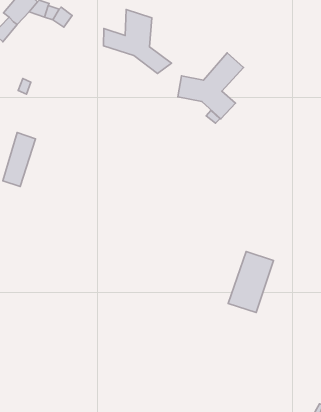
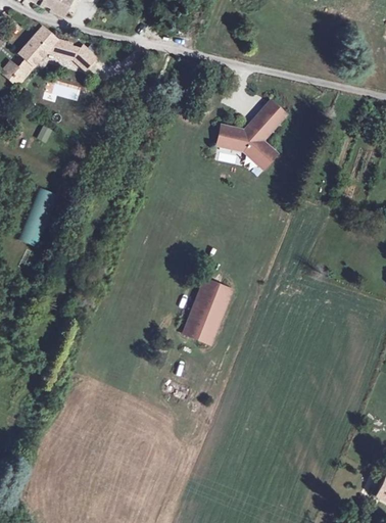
building: [103,9,171,73] -> none
building: [228,251,274,313] -> [182,277,233,345]

